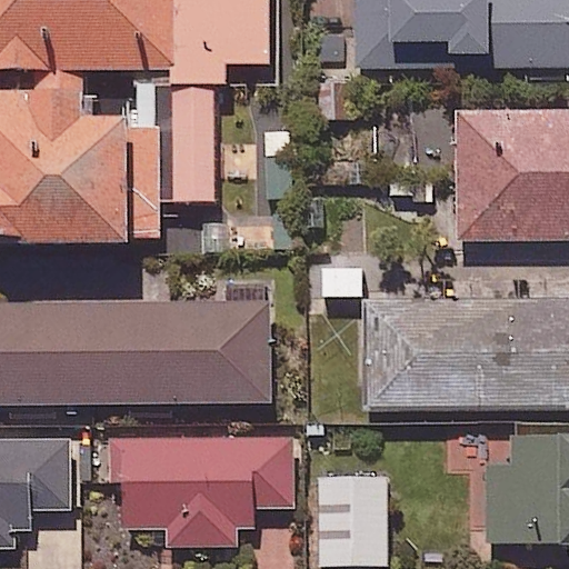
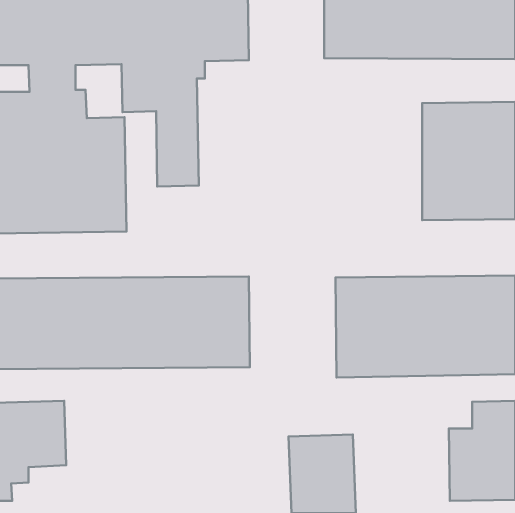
building: [108,432,291,545] -> none

